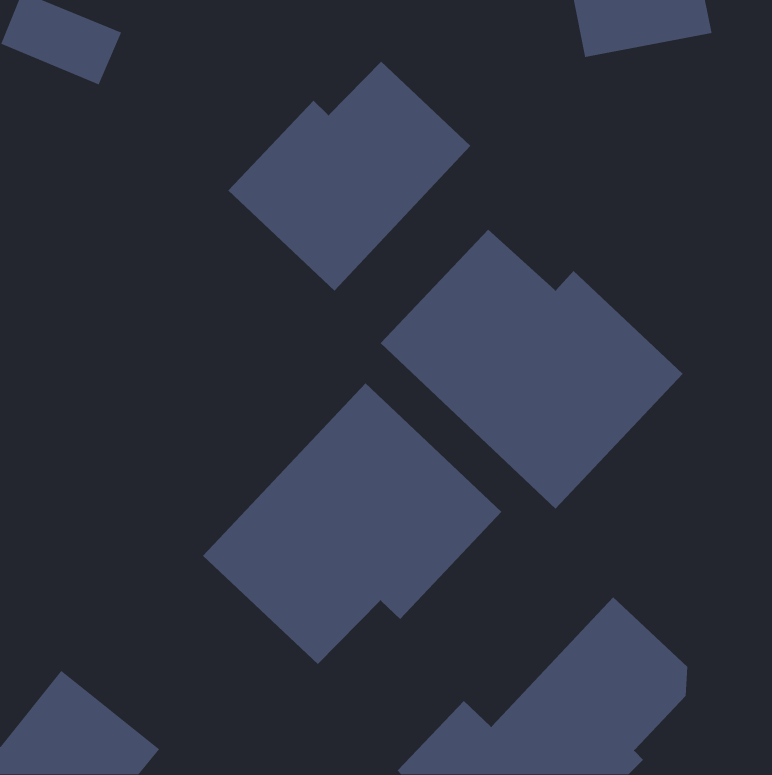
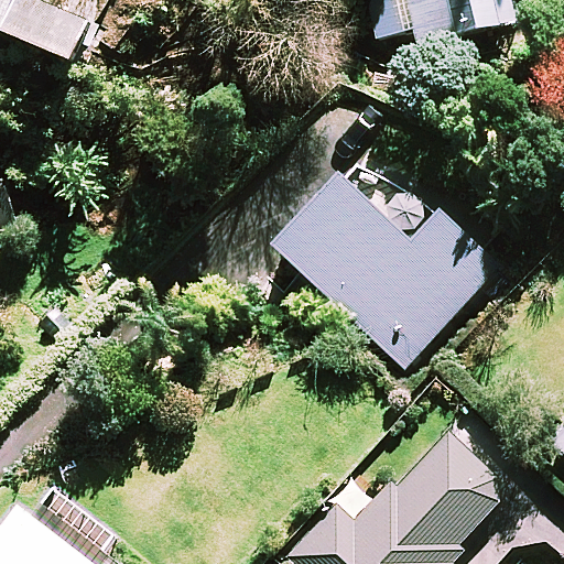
building: [228,61,471,291] -> none
building: [202,382,502,665] -> none

